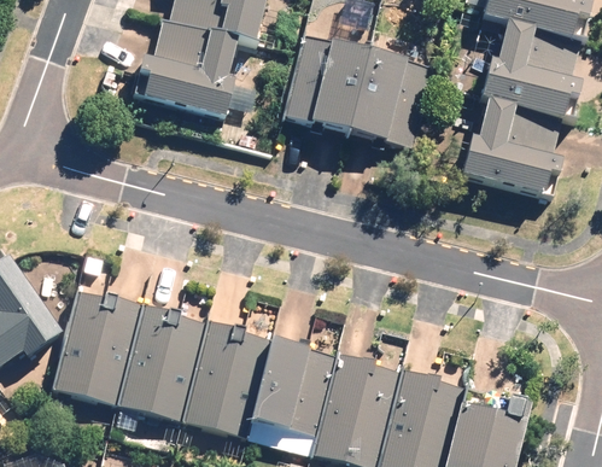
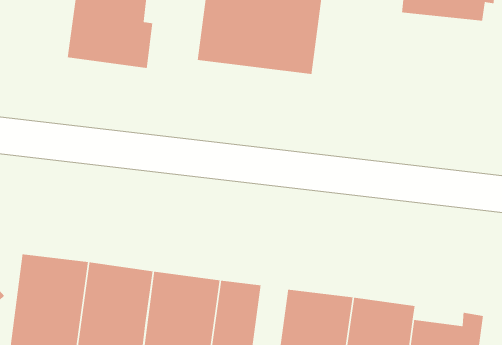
building: [463,97,563,198] -> none

